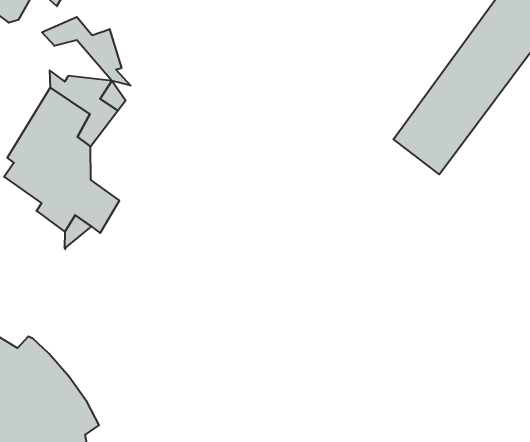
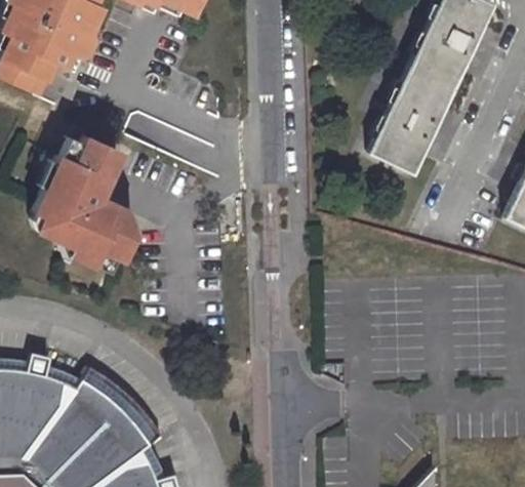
building: [42,17,131,86] -> none

